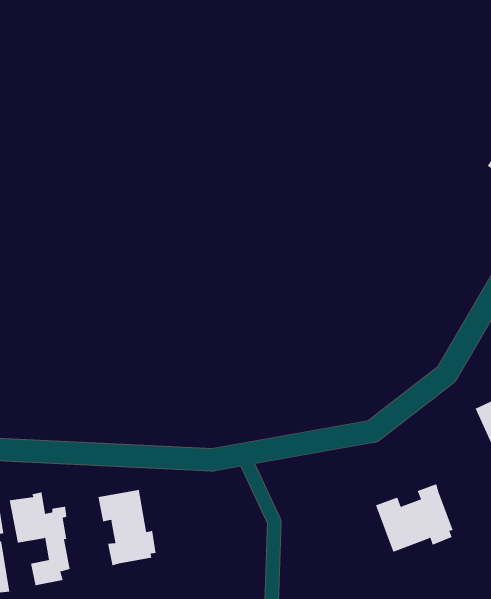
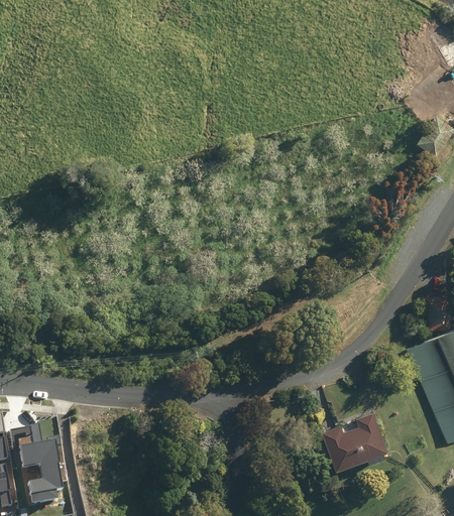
building: [98,489,156,566] -> none

